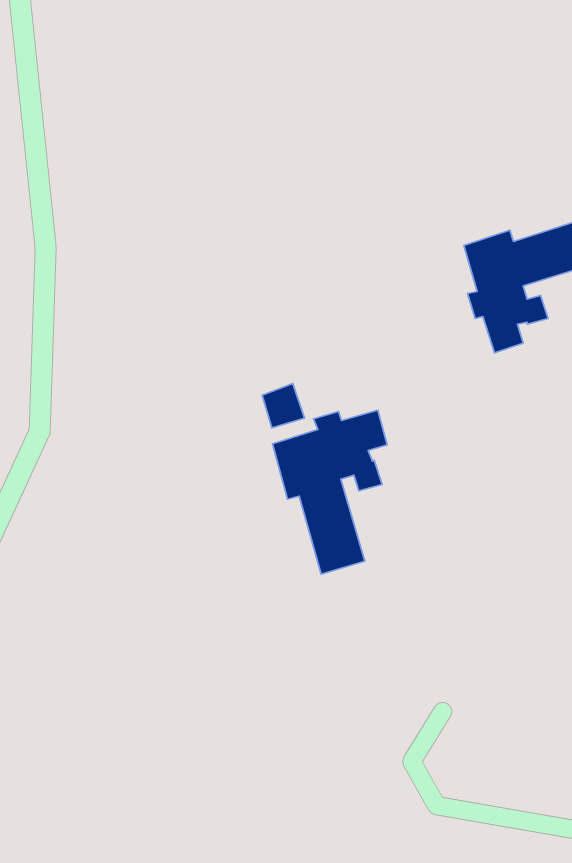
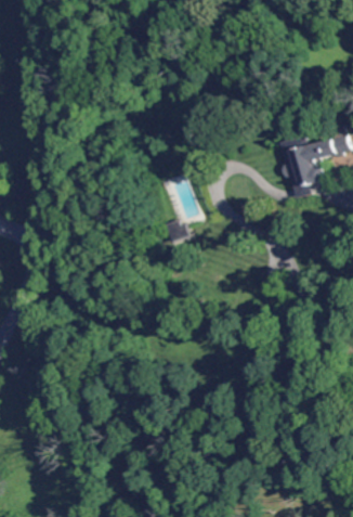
building: [273,410,387,574] -> none

